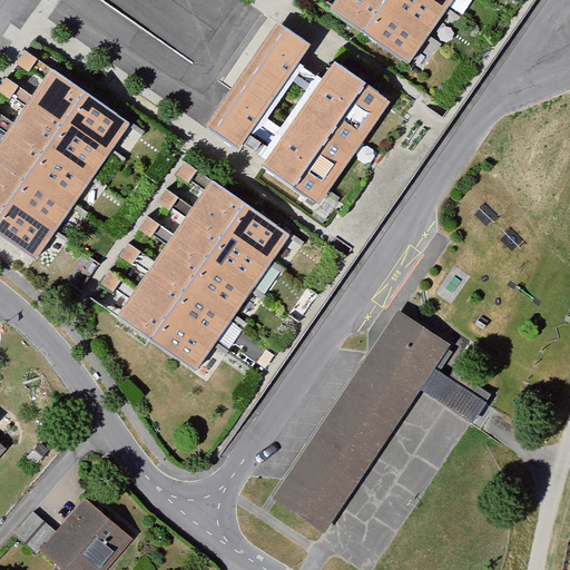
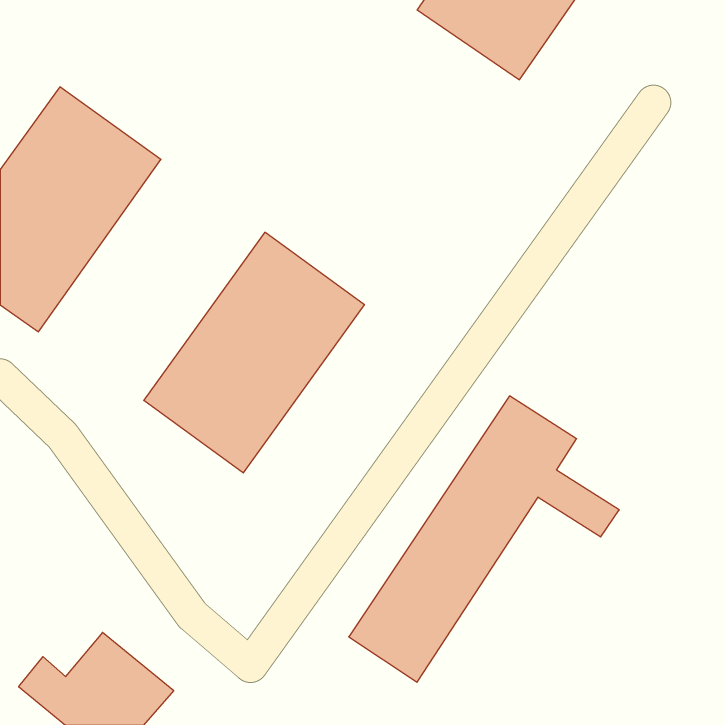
building: [209,23,393,204] -> none

